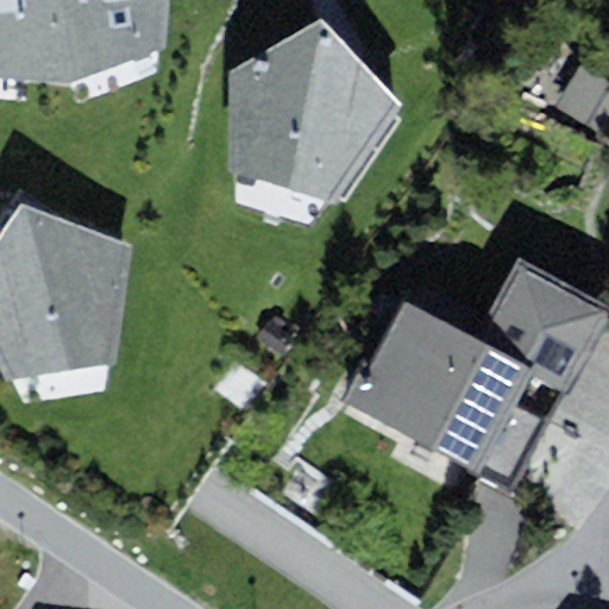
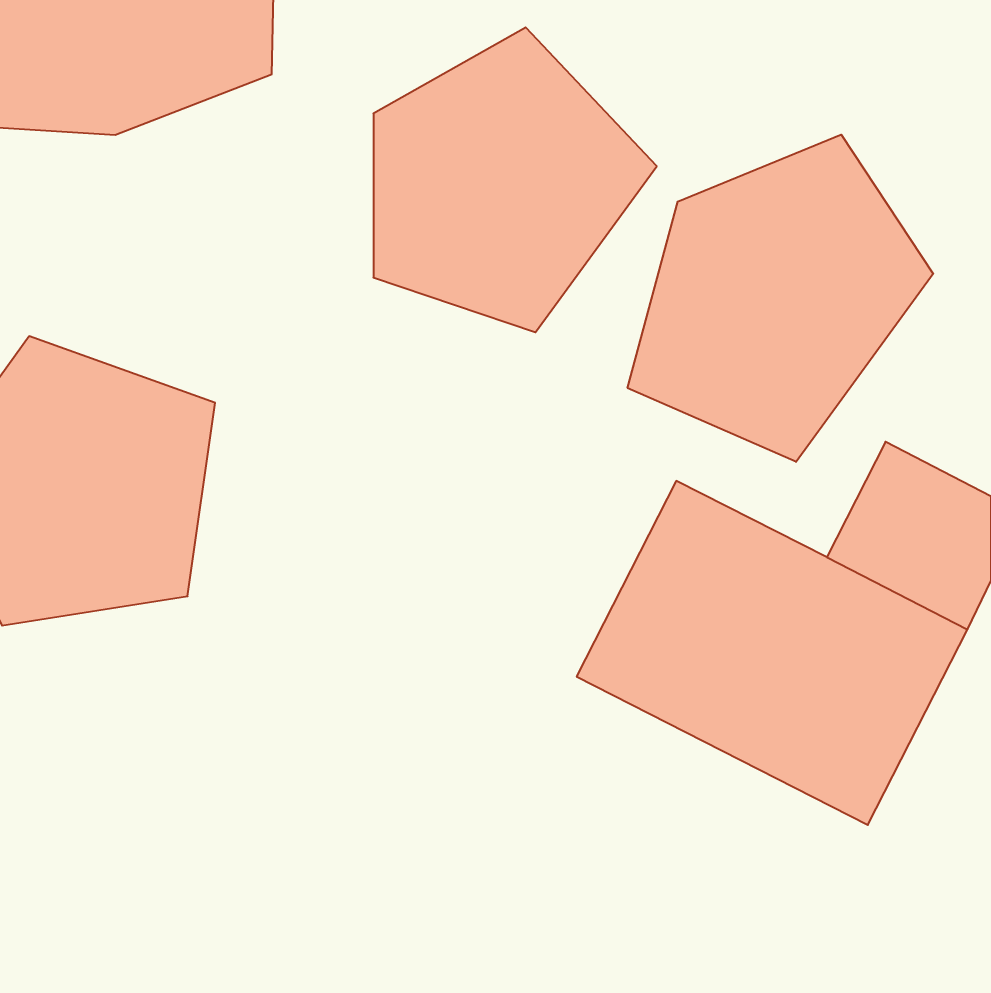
building: none -> [628,135,933,462]

